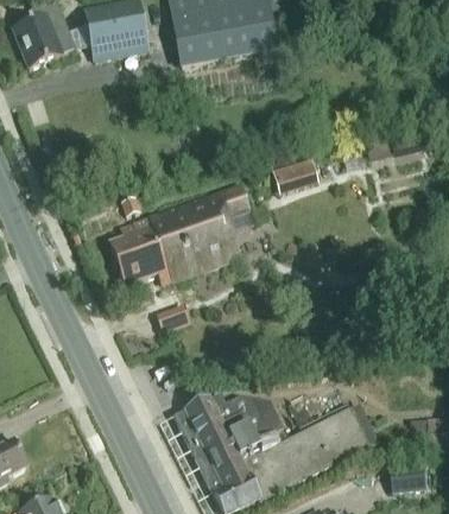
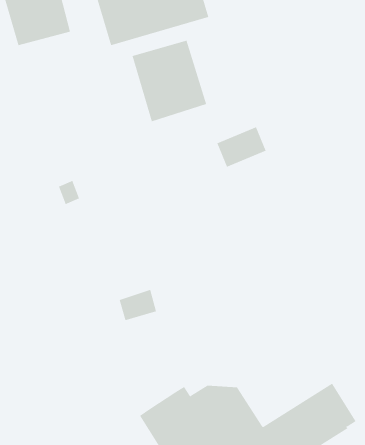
building: none -> [132,40,207,122]
building: [108,185,247,285] -> none

